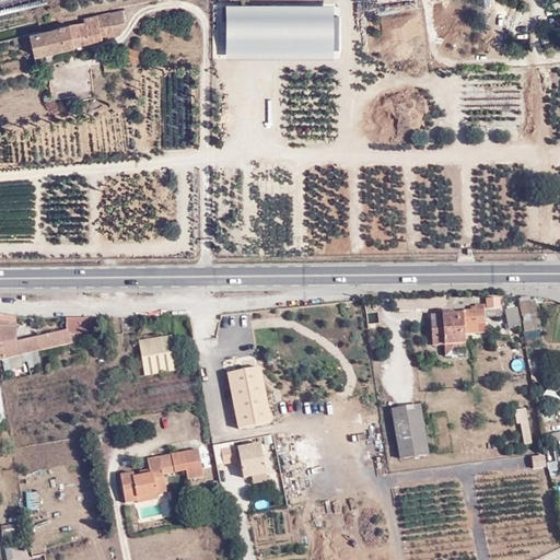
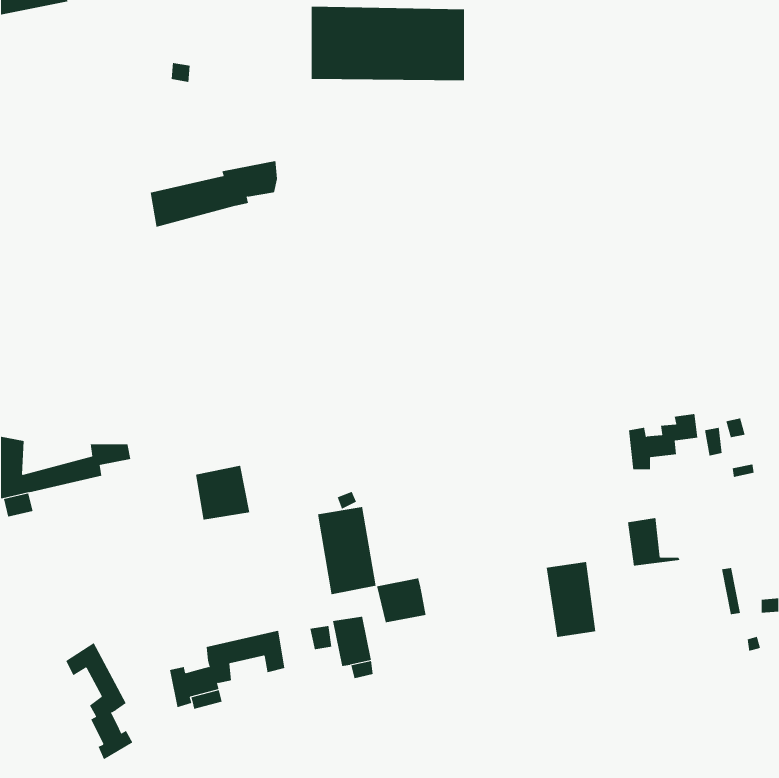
building: [30,10,121,58] -> [150,161,278,228]
building: [430,308,468,343] -> [627,517,680,566]
building: none -> [377,577,426,623]
building: none -> [65,642,133,760]

